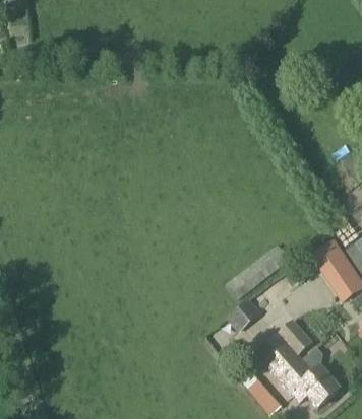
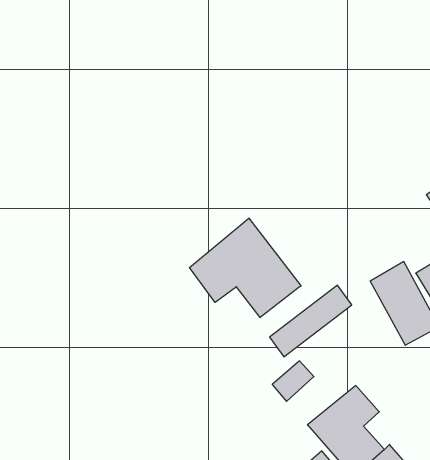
building: none -> [189,218,301,318]

